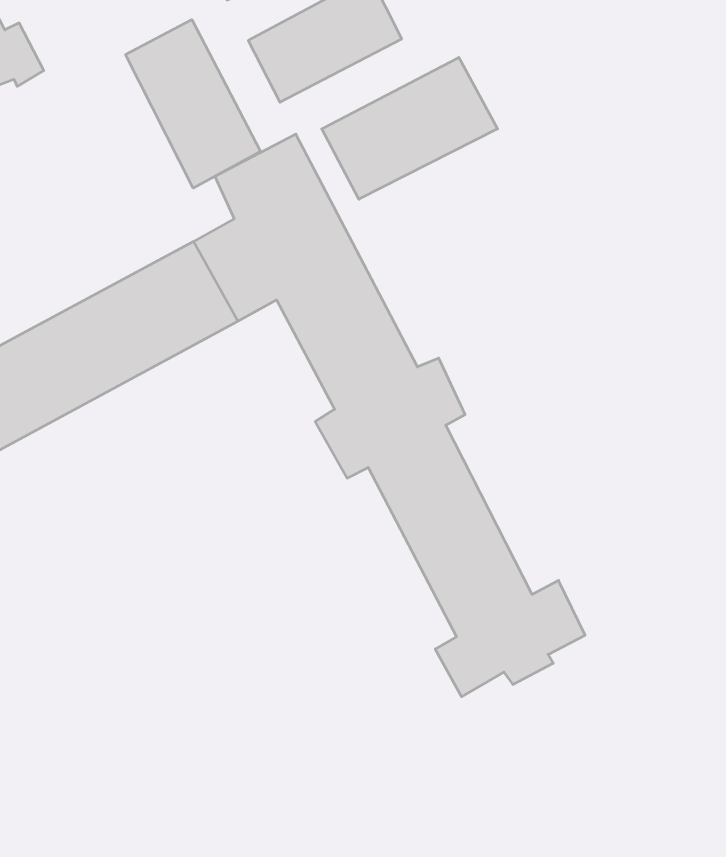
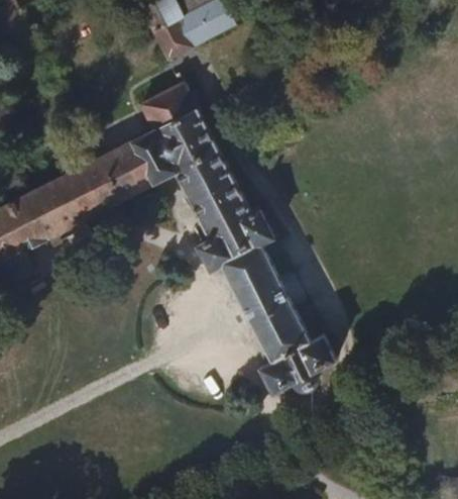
building: [126,20,260,188] -> none
building: [322,57,498,199] -> none

